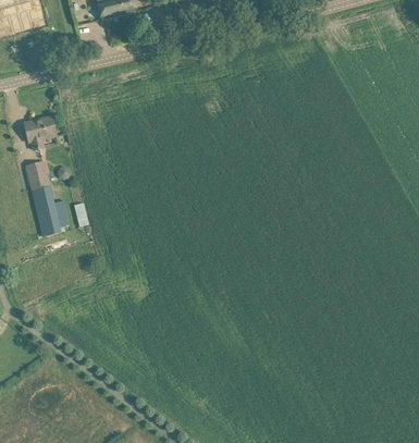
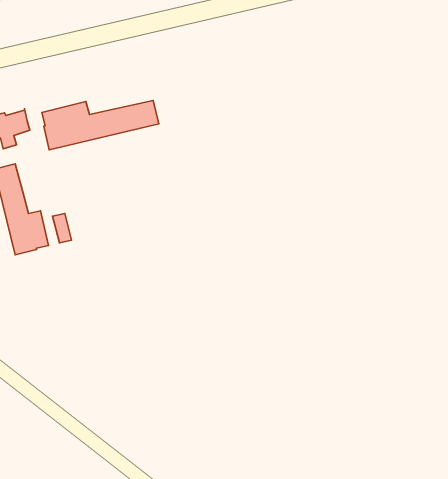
building: none -> [42,100,159,150]

